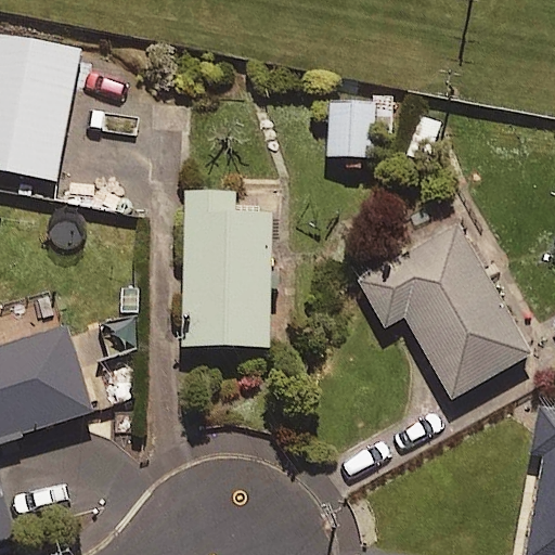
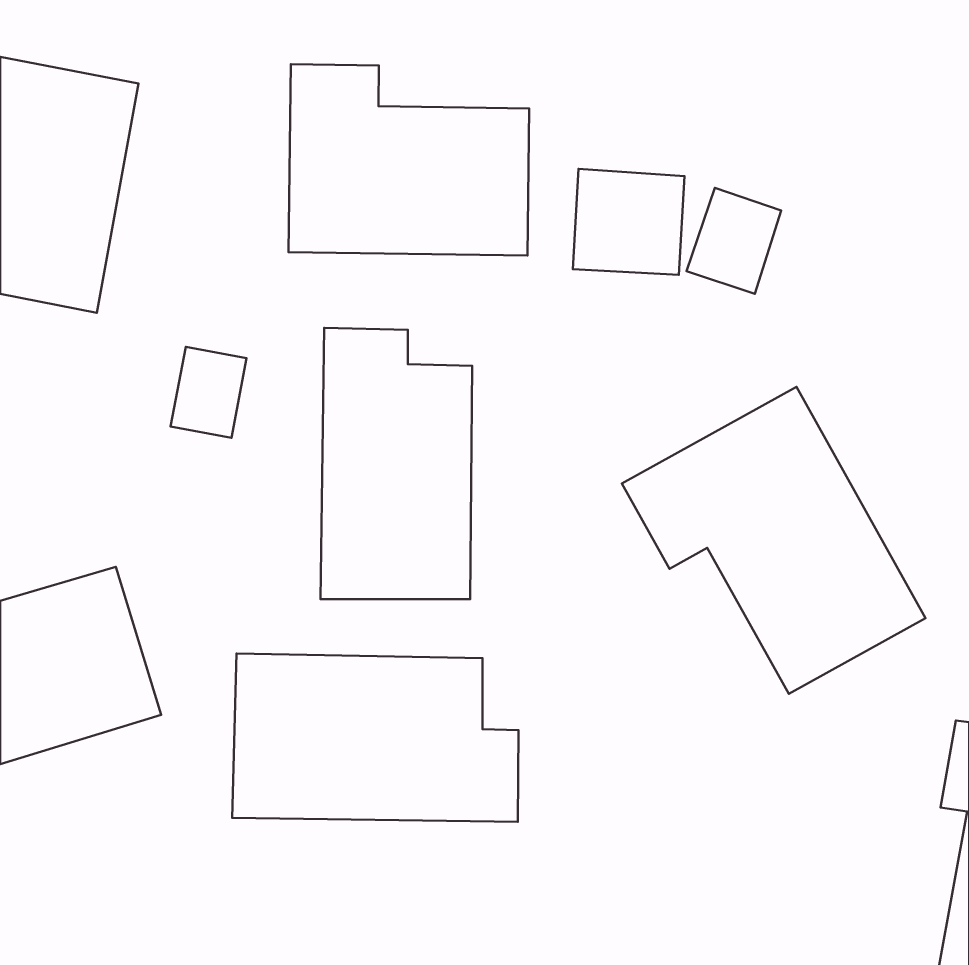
building: none -> [288,64,529,256]
building: none -> [232,653,518,822]

